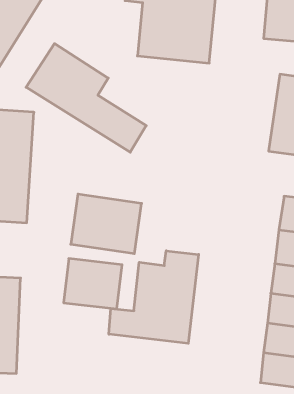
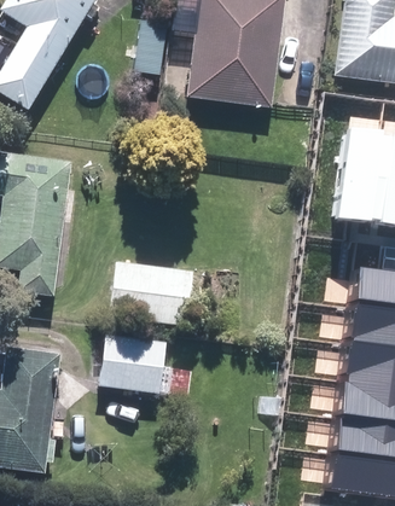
building: [26,44,146,152] -> none
building: [109,251,199,343] -> none

